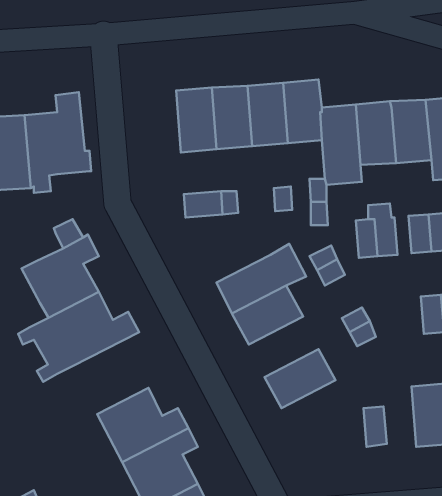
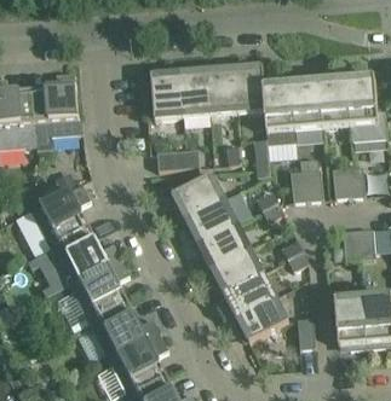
building: none -> [168,174,224,221]
building: none -> [207,248,261,295]
building: none -> [69,260,128,332]
building: none -> [232,297,287,344]

